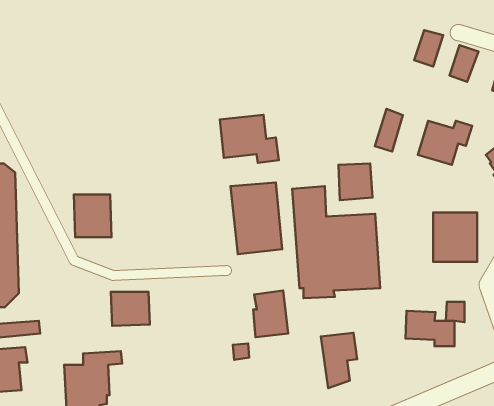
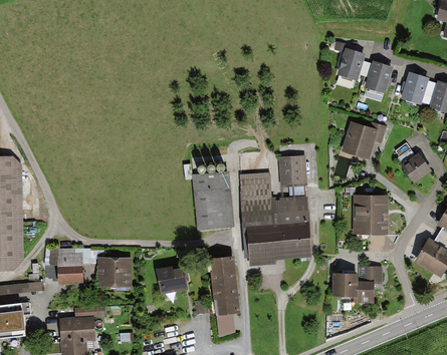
building: [375,109,403,151] -> none
building: [220,115,279,163] -> none
building: [74,194,112,237] -> [48,248,78,282]
building: none -> [157,266,186,293]
building: [321,333,357,388] -> [212,292,241,336]

